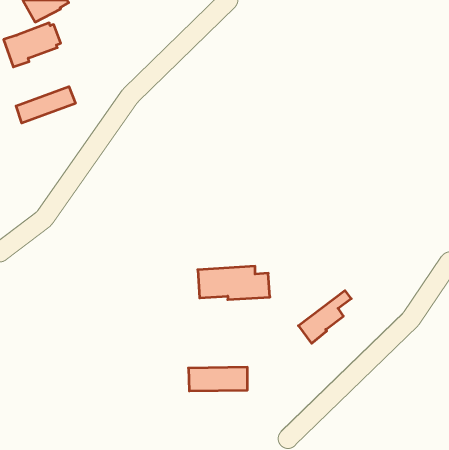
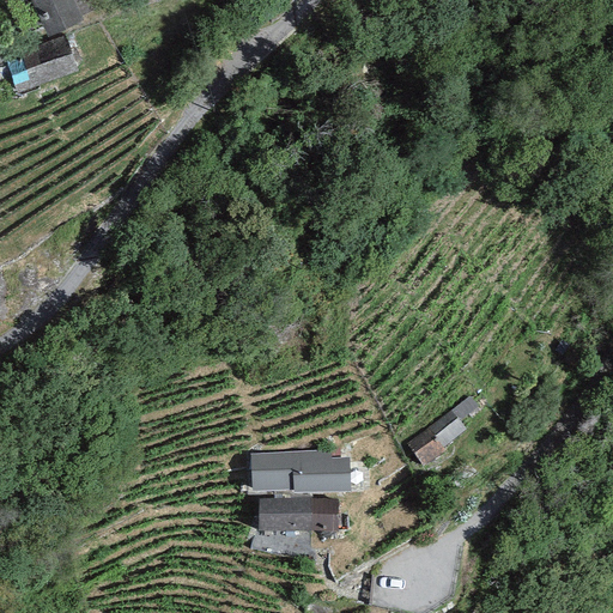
building: [16,87,75,123] -> none
building: [198,266,270,300] -> [253,449,351,494]

